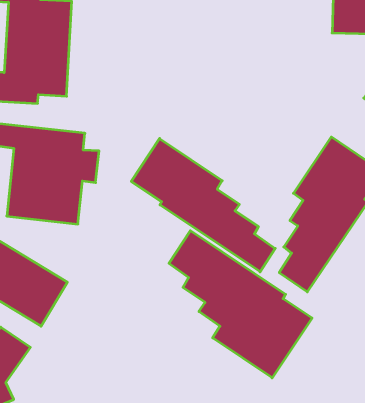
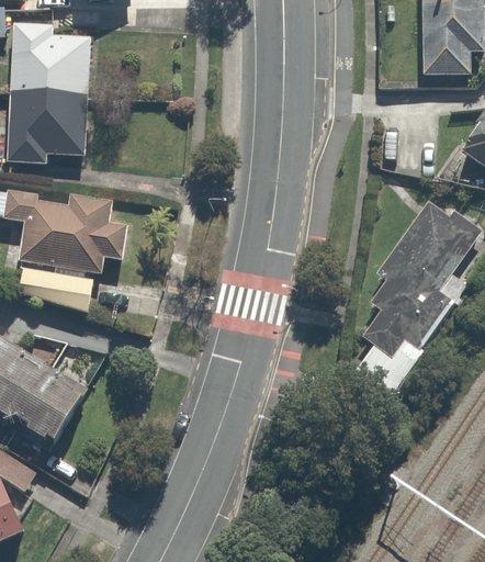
building: [131,138,275,272] -> none
building: [169,231,312,378] -> none

